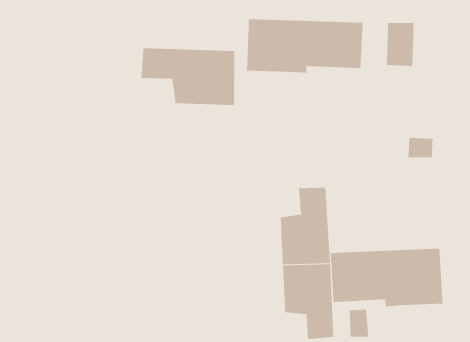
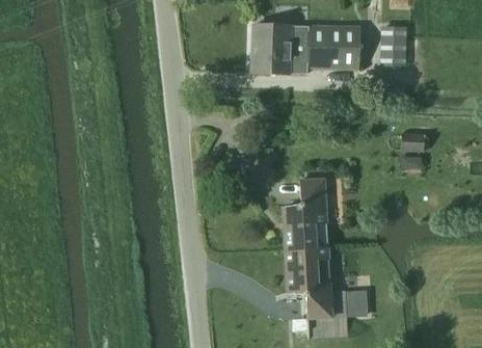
building: [141,48,235,106] -> none
building: [330,248,443,307] -> none

